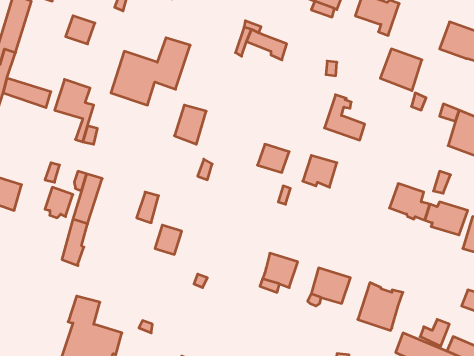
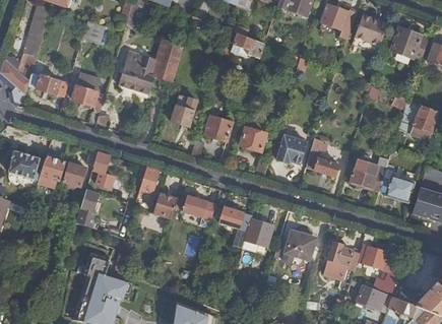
building: [380,49,422,91] -> [353,15,387,50]
building: [324,95,365,140] -> [306,138,339,176]
building: none -> [204,115,233,141]
building: none -> [38,156,64,187]
building: none -> [184,194,215,226]
building: none -> [218,205,252,231]
building: none -> [357,233,387,269]

